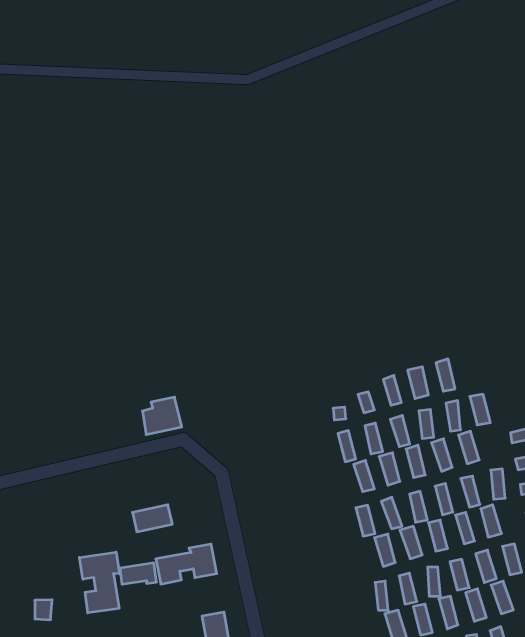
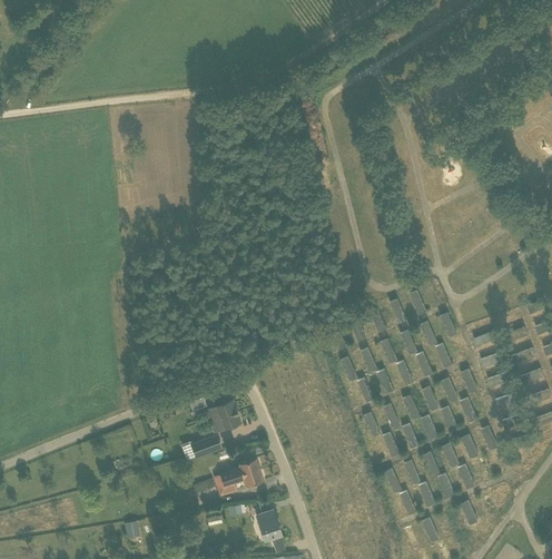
building: [142,397,182,435] -> [207,401,239,433]
building: [79,552,120,613] -> none

